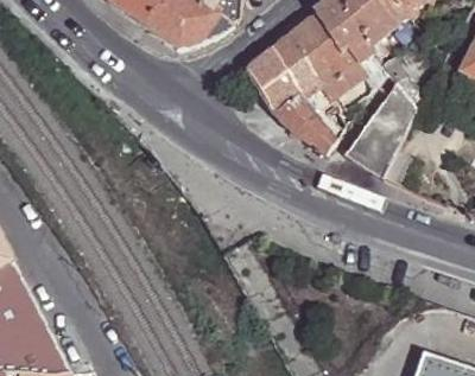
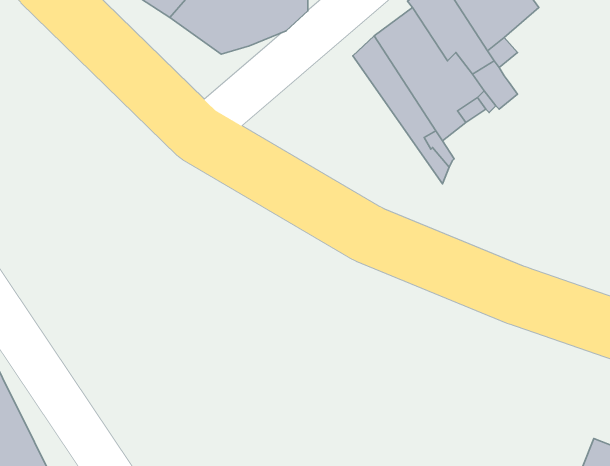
building: [246,51,337,154] -> none
building: [343,84,417,178] -> none

